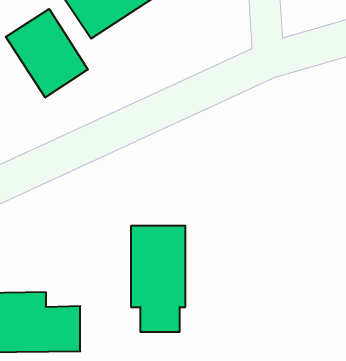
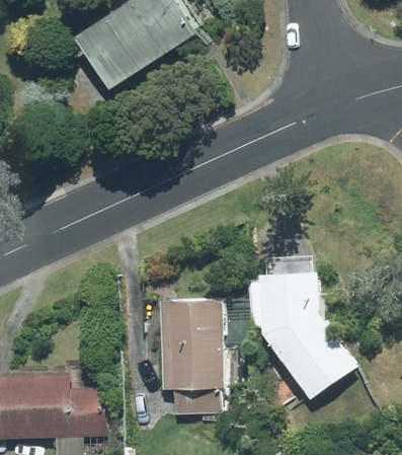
building: [6,9,88,98] -> none
building: none -> [244,269,357,396]

